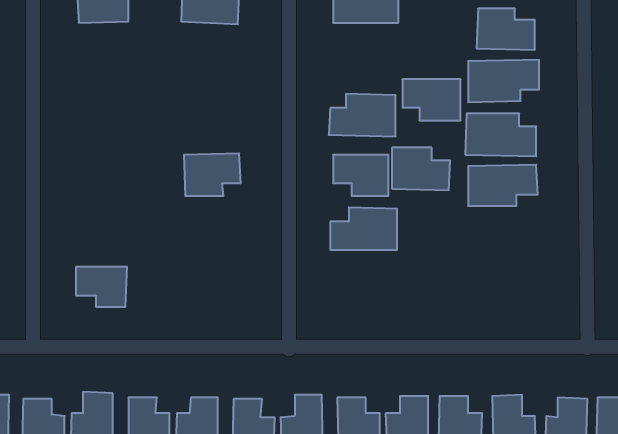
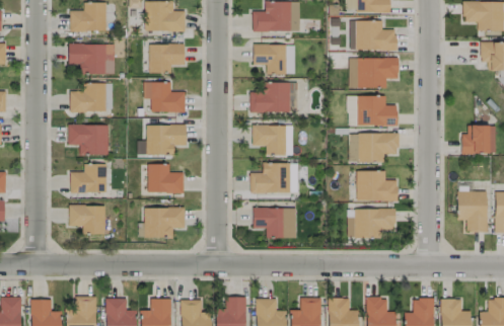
building: none -> [68,44,115,74]
building: none -> [149,44,185,73]
building: [402,79,461,120] -> [254,45,295,74]
building: none -> [144,82,186,112]
building: none -> [70,83,113,111]
building: [392,148,450,190] -> [357,171,399,201]
building: none -> [68,125,109,155]
building: none -> [70,164,106,193]
building: none -> [148,165,184,193]
building: none -> [144,208,185,237]
building: none -> [253,208,296,238]
building: none -> [347,209,395,238]

